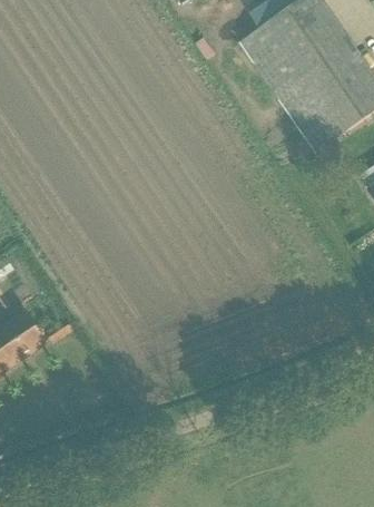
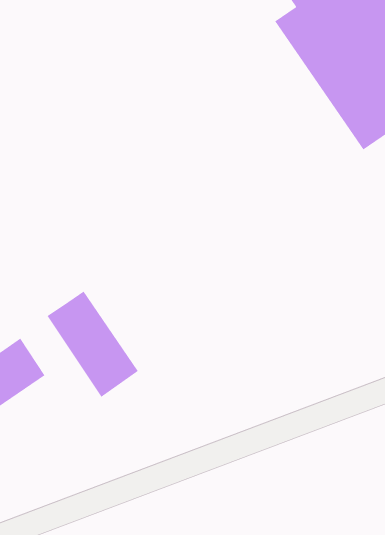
building: none -> [47,291,139,398]

